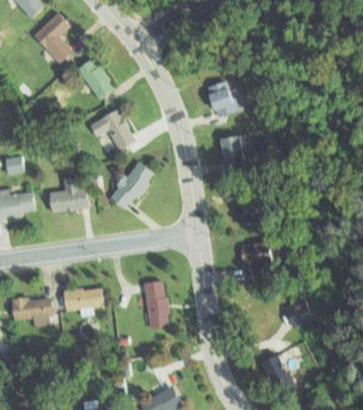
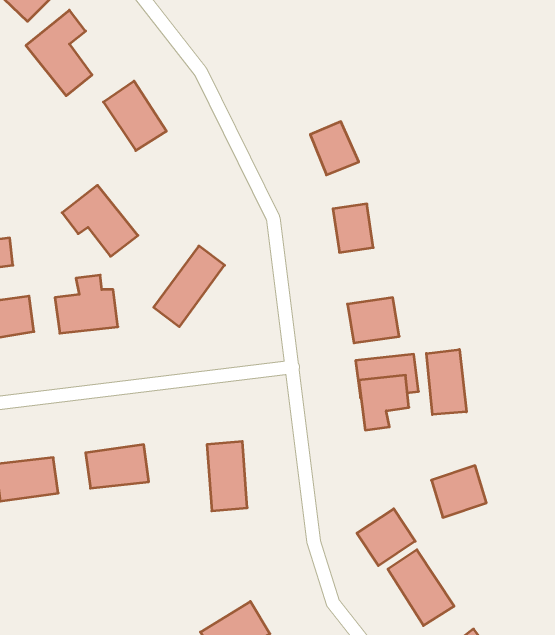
building: [91,108,139,153] -> [62,185,138,256]
building: none -> [426,349,466,415]
building: none -> [357,509,415,566]

